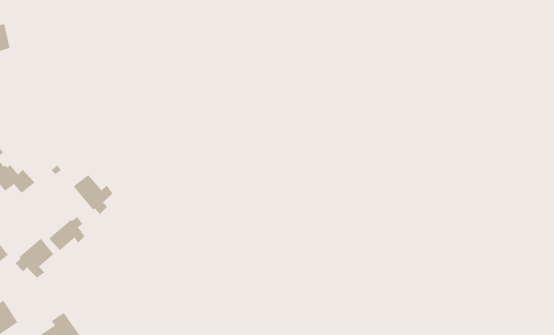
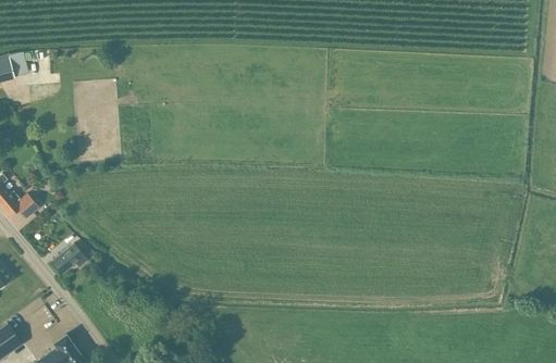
building: [73,174,113,215] -> none
building: [15,238,54,279] -> none

